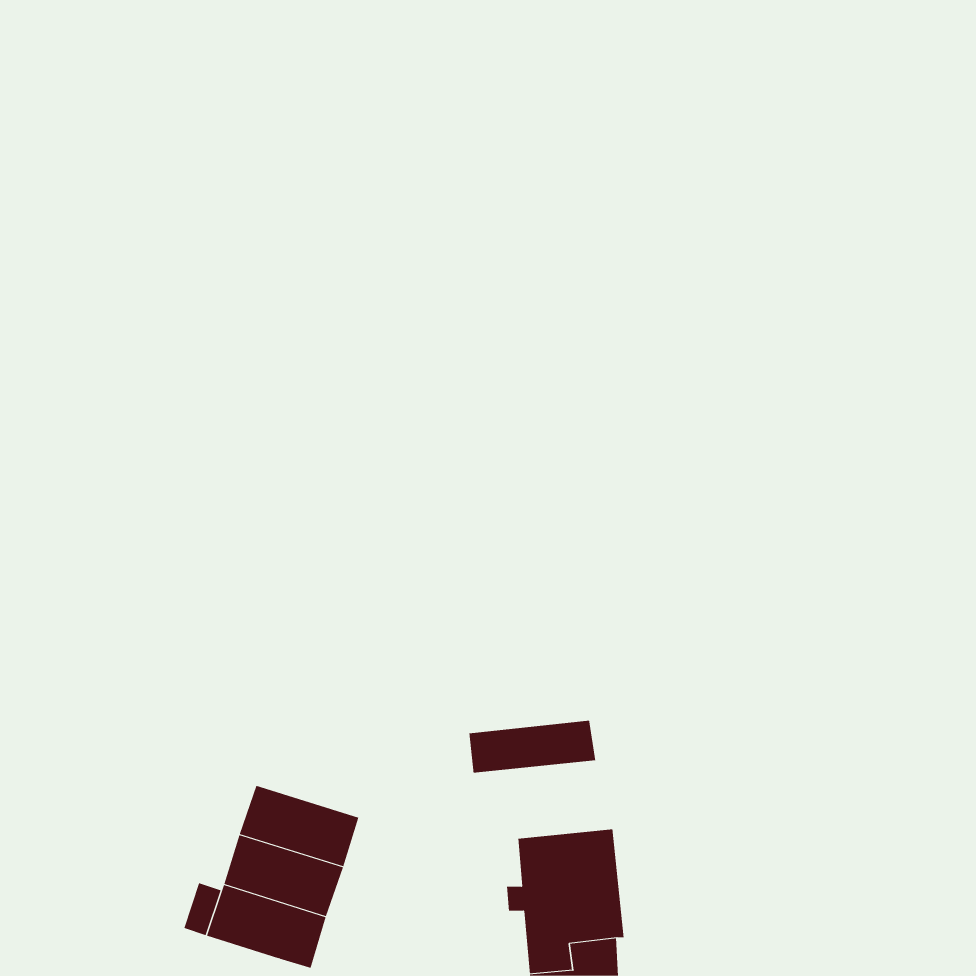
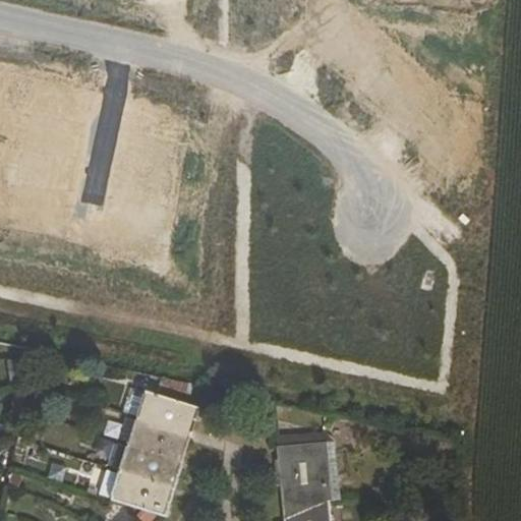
building: [469,720,596,774] -> none
building: none -> [136,391,199,436]

